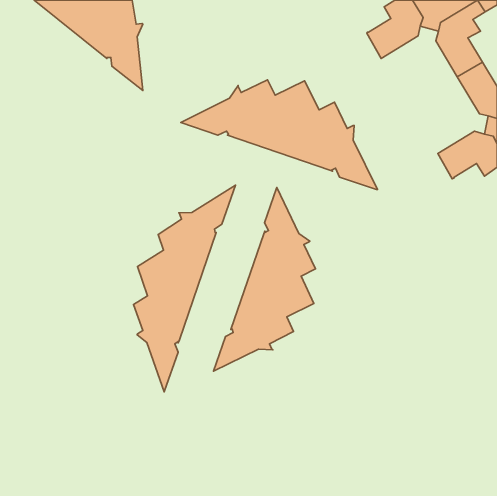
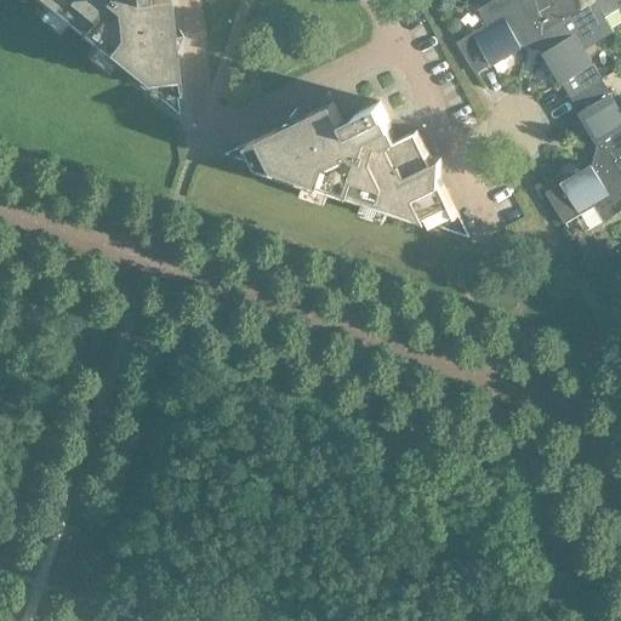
building: [134,185,235,392] -> none
building: [213,187,316,371] -> none

